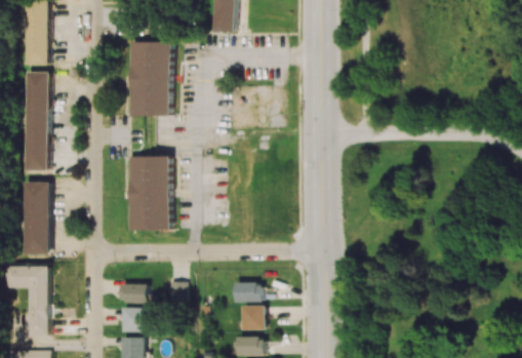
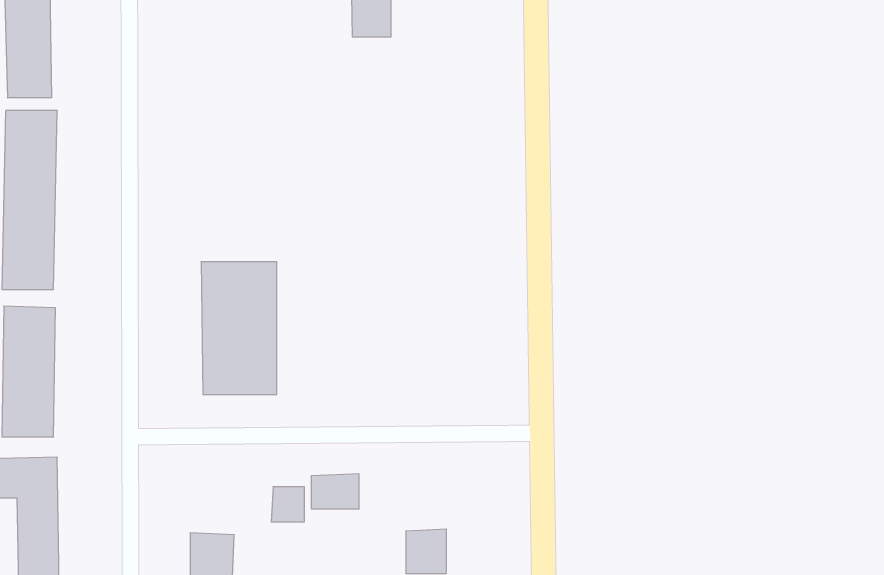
building: [129,41,171,116] -> none
building: [236,282,263,302] -> [311,474,359,509]
building: [121,283,150,303] -> none

